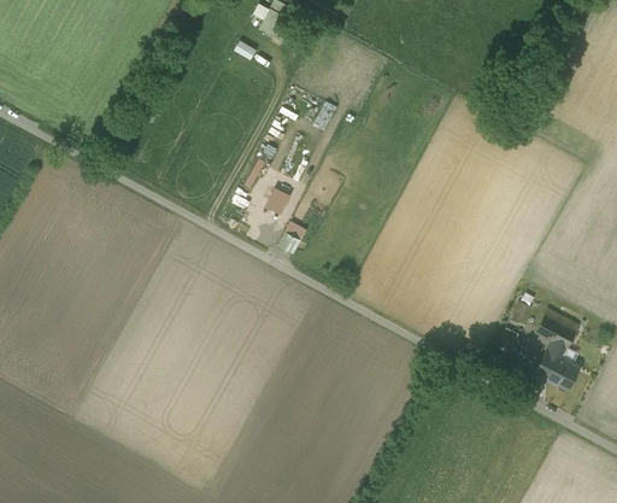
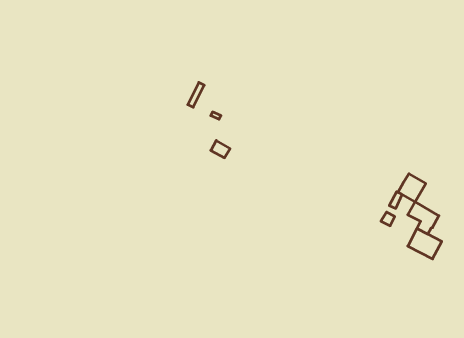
building: none -> [398,174,426,202]

